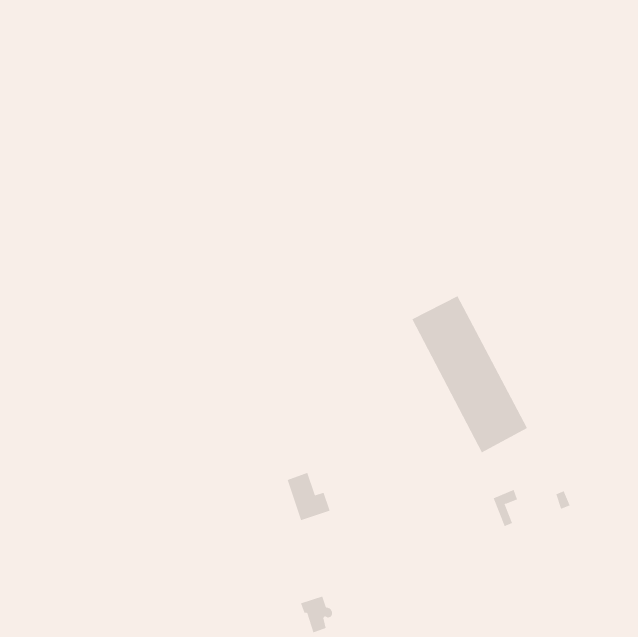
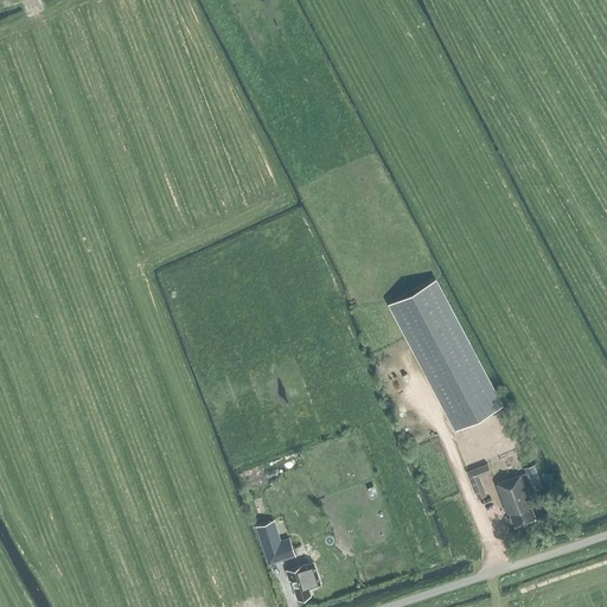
building: [287,472,331,521] -> [255,522,296,568]
building: none -> [499,478,537,528]

